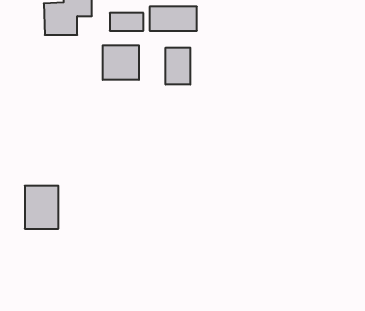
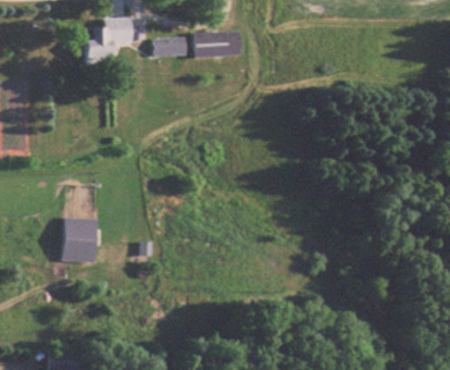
building: [103,45,139,80] -> none
building: [166,48,190,85] -> none

